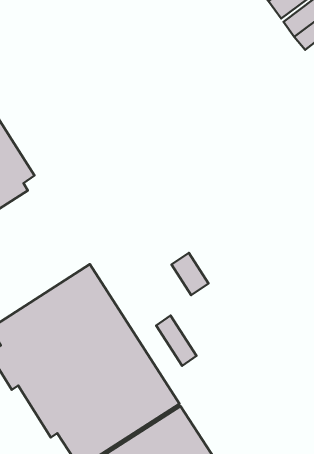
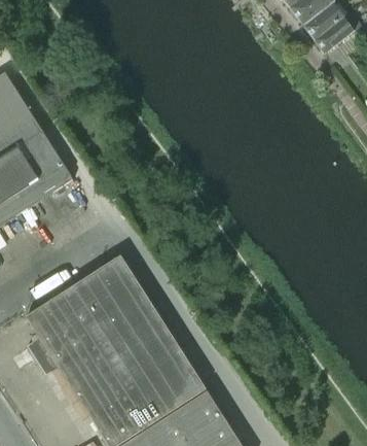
building: [171,253,209,295] -> none
building: [156,315,196,366] -> none

